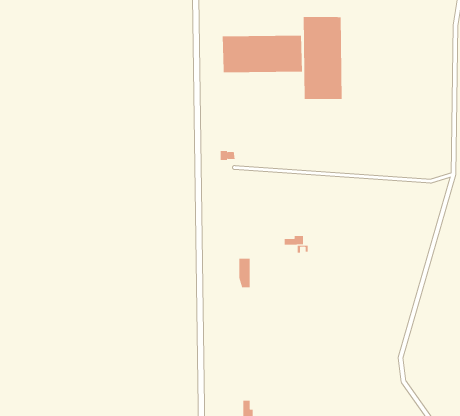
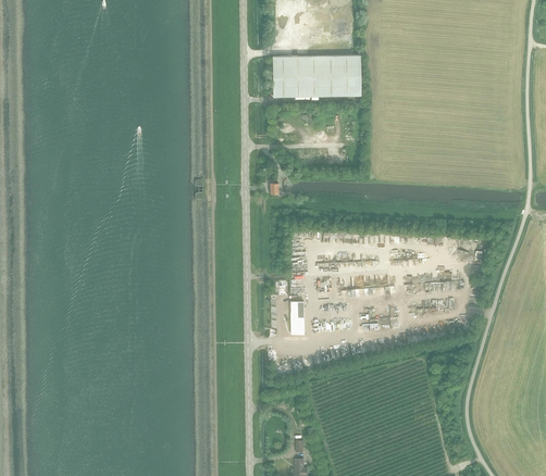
building: [303,16,342,100] -> none

